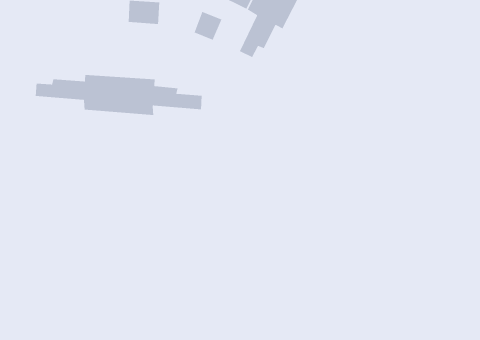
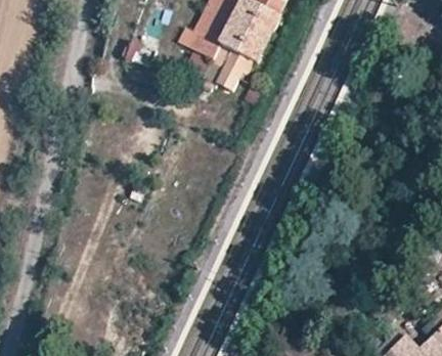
building: [35,74,202,116] -> none

